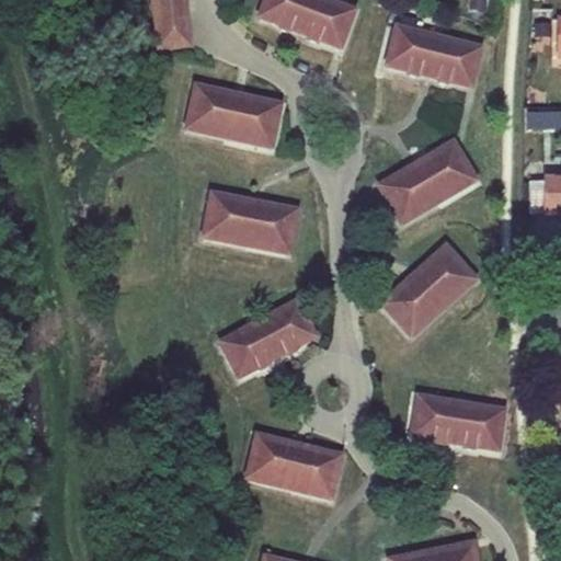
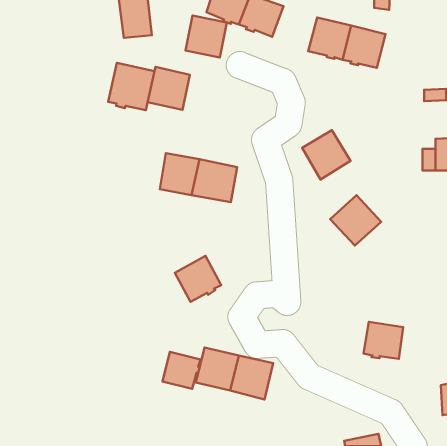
building: none -> [108,63,154,110]
building: [230,93,282,146] -> [186,15,227,58]
building: [416,139,477,201] -> none
building: [381,273,445,335] -> none
building: [259,298,317,355] -> none
building: [412,394,462,442] -> none
building: none -> [163,352,200,389]

